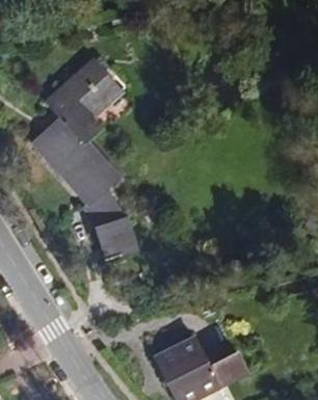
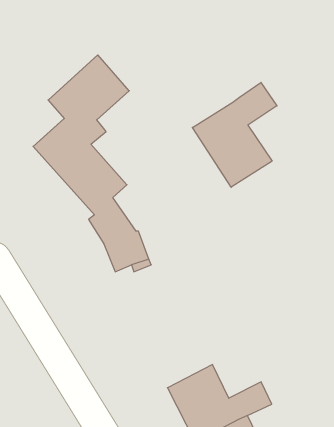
building: none -> [192,82,277,187]

